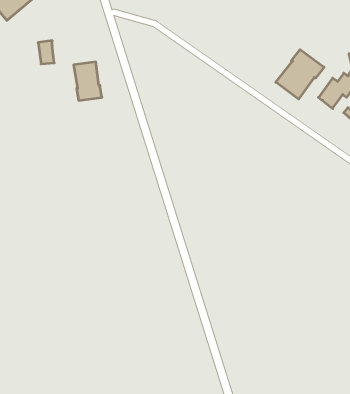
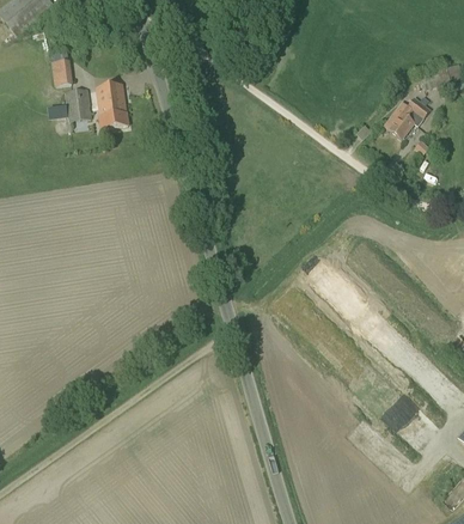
building: [276,50,324,99] -> none
building: none -> [66,89,93,122]

